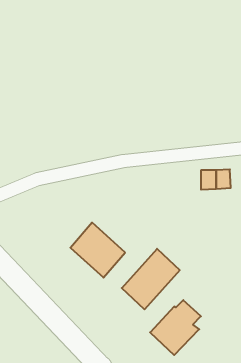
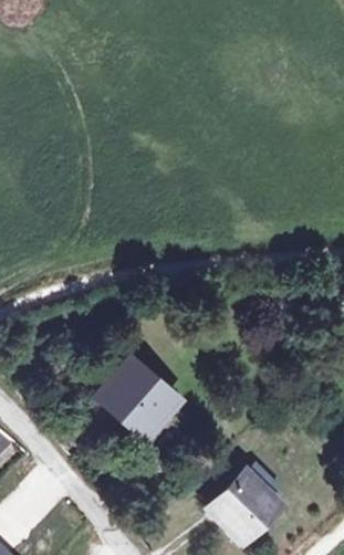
building: [122,249,180,309] -> none

